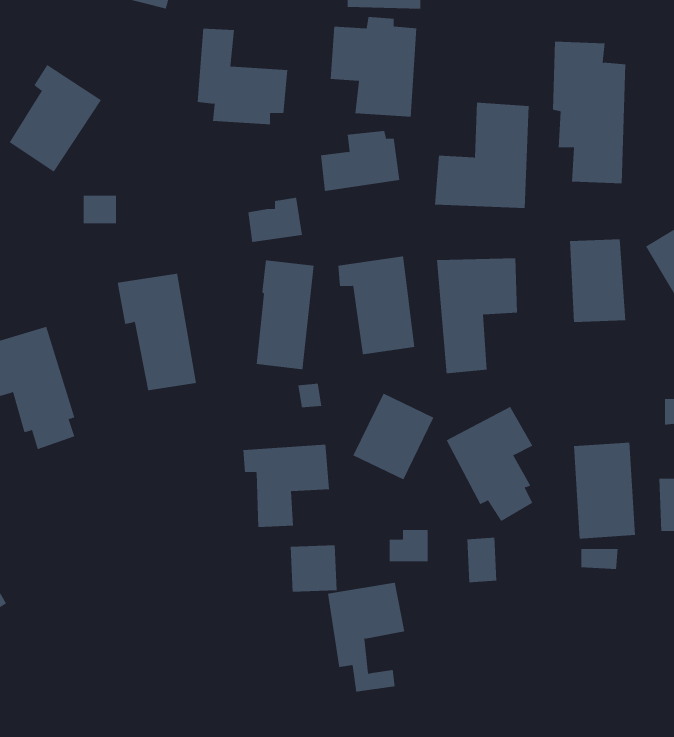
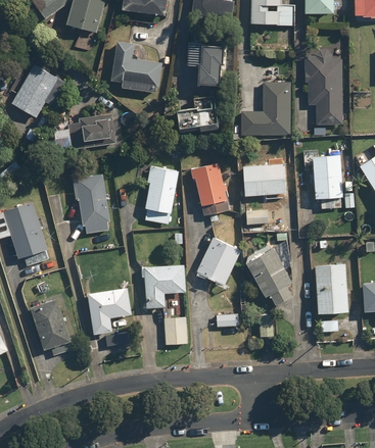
building: [248,197,303,243] -> [84,116,113,141]
building: none -> [31,298,76,357]
building: [327,582,405,692] -> [89,288,131,347]

